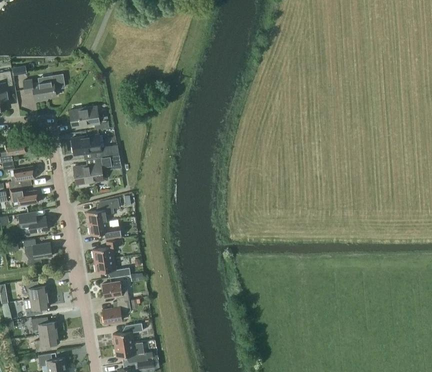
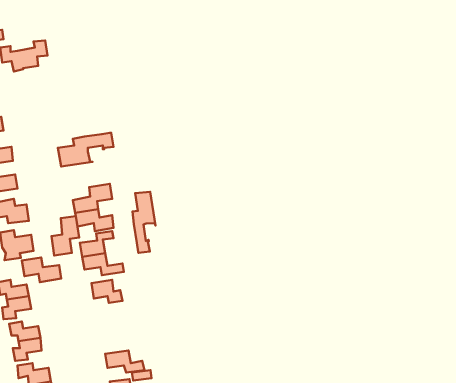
building: [69,106,109,129] -> none
building: [71,134,118,157] -> none
building: none -> [132,192,155,253]
building: none -> [52,216,79,255]
building: none -> [22,257,61,282]
building: [102,299,131,323] -> none
building: [112,322,143,345] -> none

